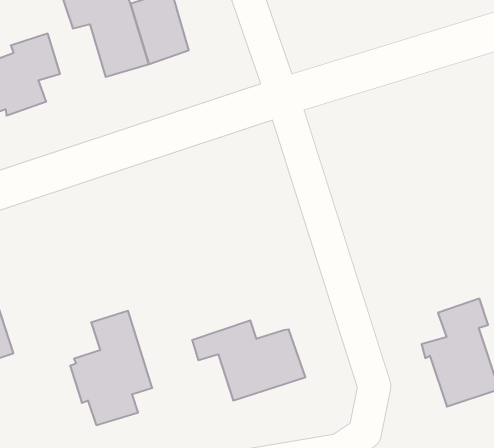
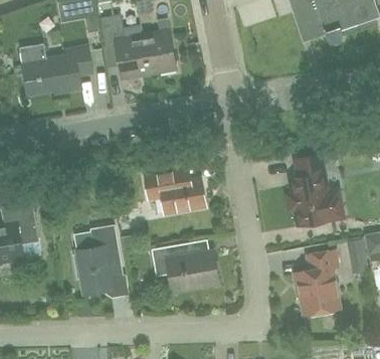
building: none -> [286,156,336,226]
building: none -> [144,168,205,214]

